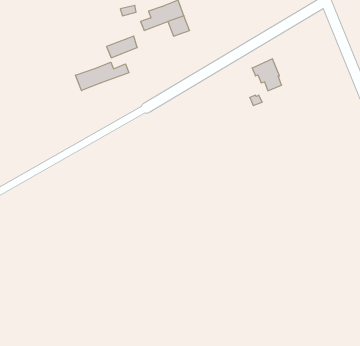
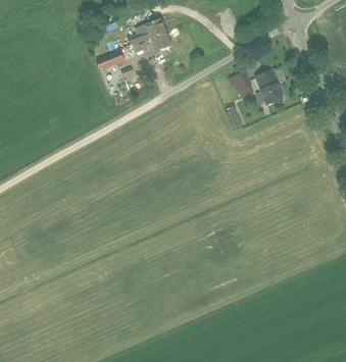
building: none -> [255,70,283,105]
building: [75,62,129,91] -> none

